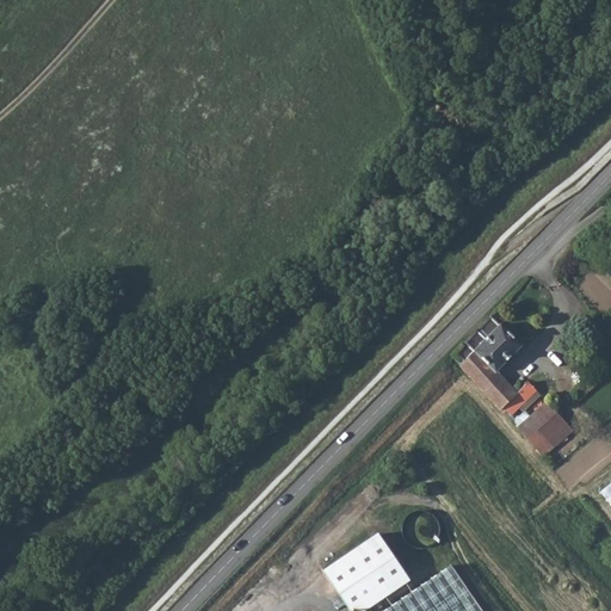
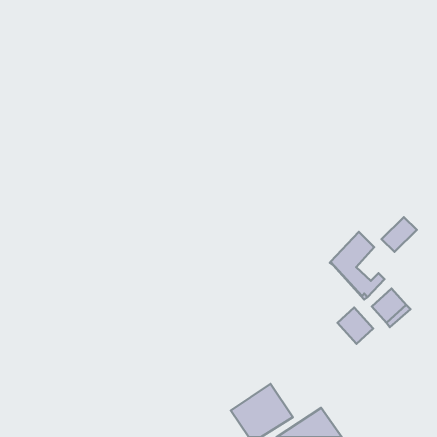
building: none -> [381,217,417,252]
building: none -> [338,308,373,344]

